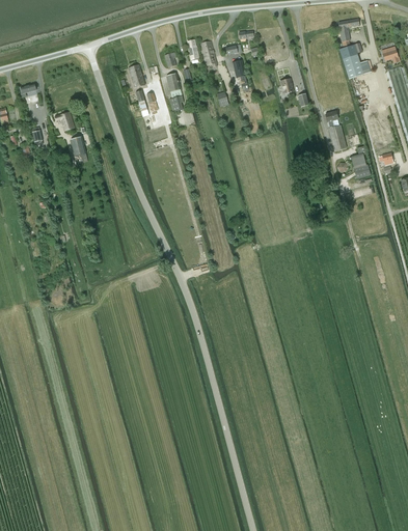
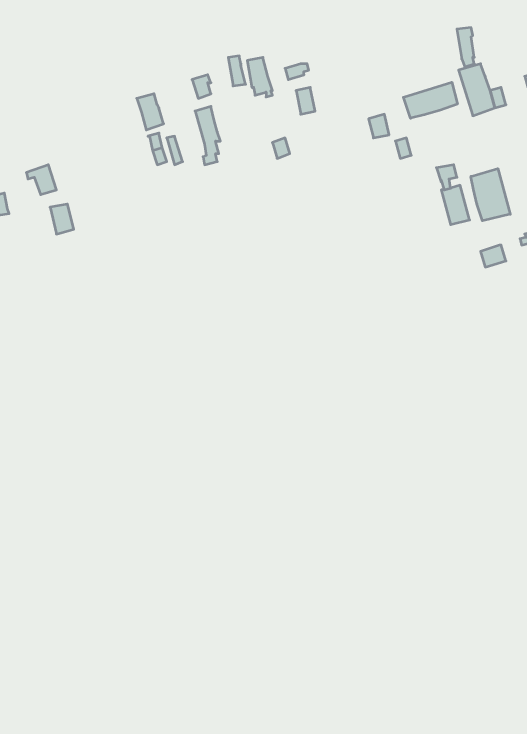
building: none -> [403,82,457,118]
building: none -> [471,169,510,221]

